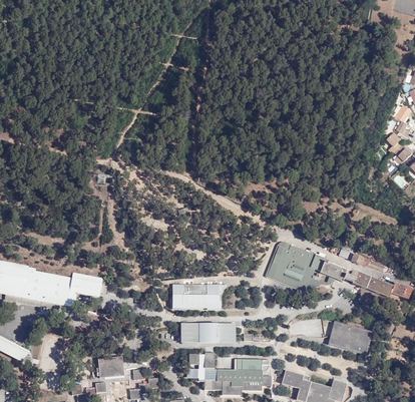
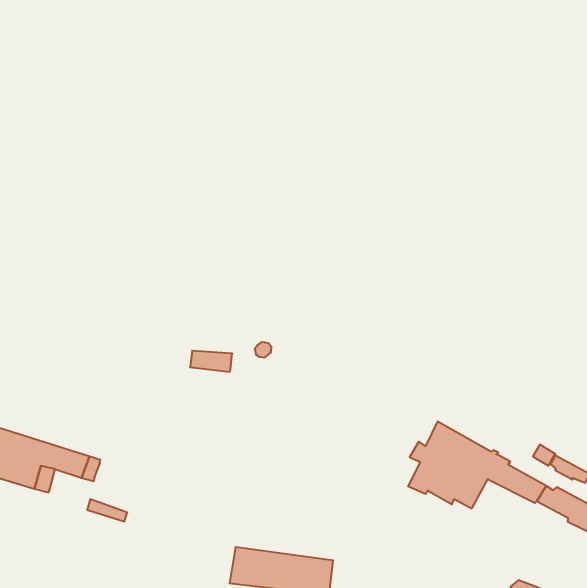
building: [172,284,219,308] -> none

